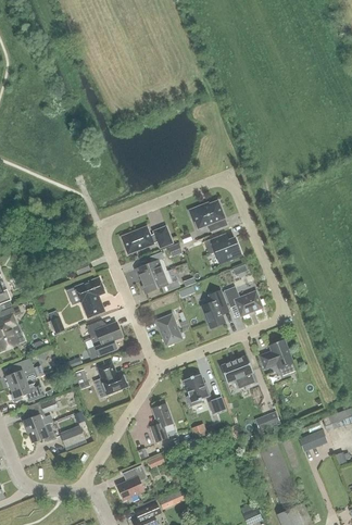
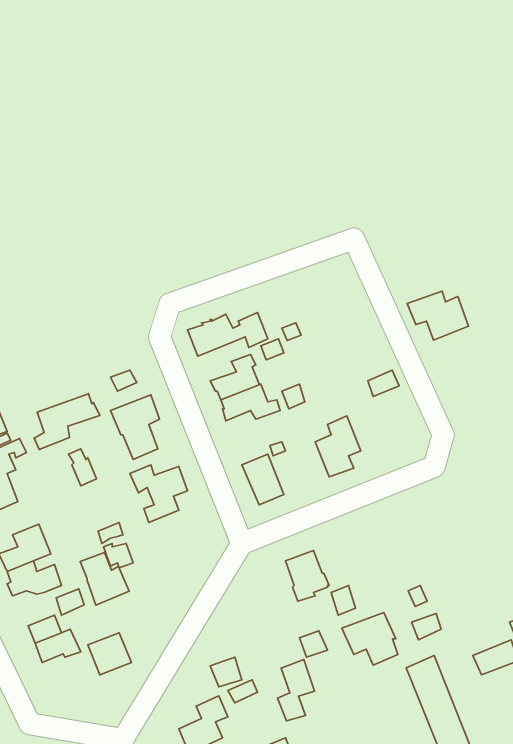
building: [189,201,224,232] -> none
building: [203,234,241,264] -> [407,291,468,340]
building: none -> [34,394,100,450]
building: [224,287,262,316] -> none
building: [260,339,292,368] -> none
building: [218,355,253,388] -> [342,613,398,665]
building: [97,362,127,395] -> [80,553,129,605]
building: [150,403,173,441] -> [278,660,314,721]

